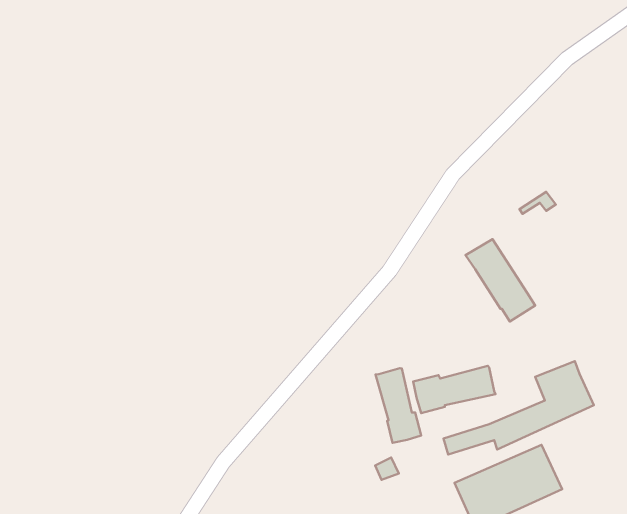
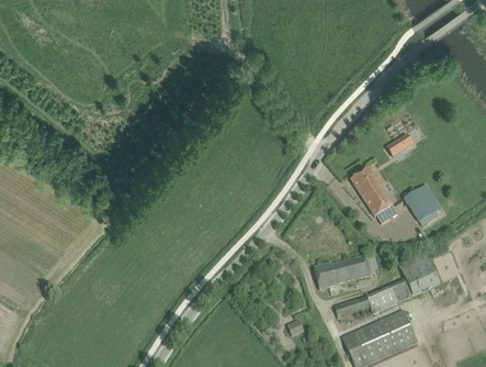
building: none -> [404,184,443,225]
building: [376,368,421,443] -> none

